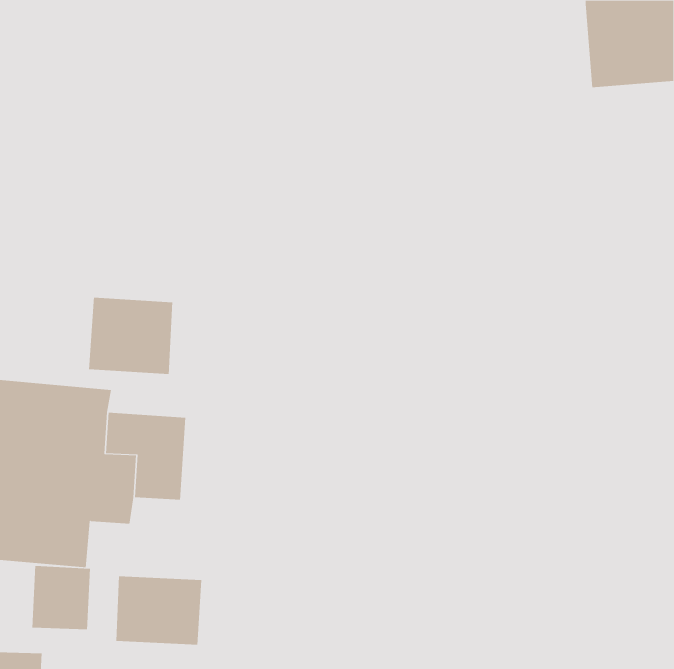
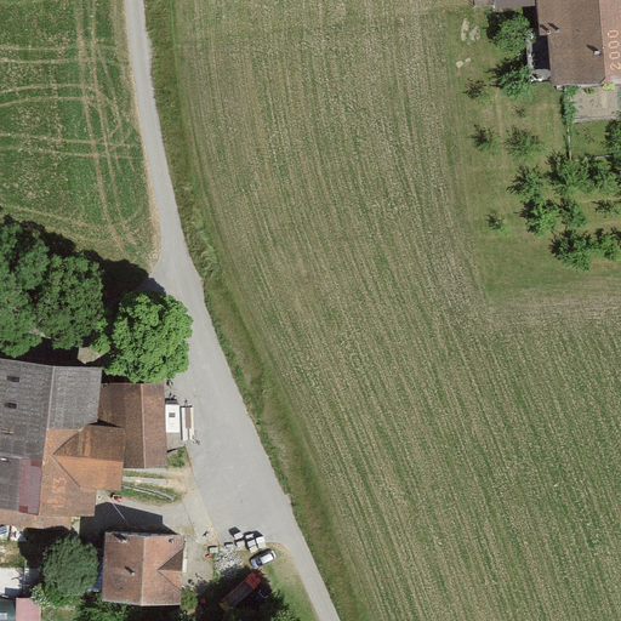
building: [88,297,173,375] -> none
building: [32,565,91,630] -> none

